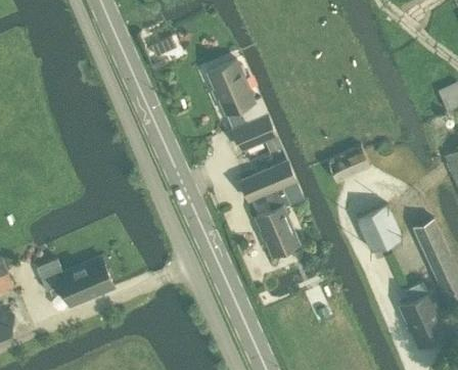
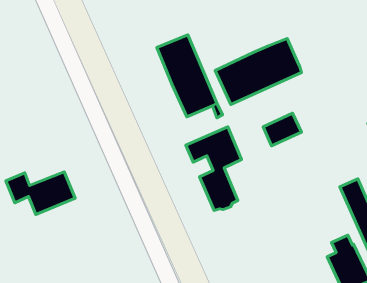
building: none -> [215,38,302,104]
building: [356,204,402,251] -> none
building: [36,259,113,307] -> [6,172,75,215]

